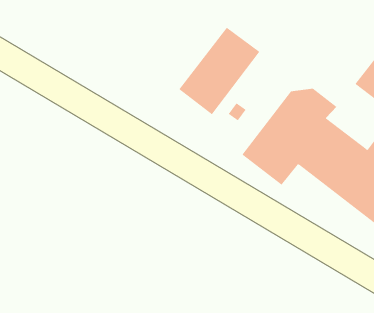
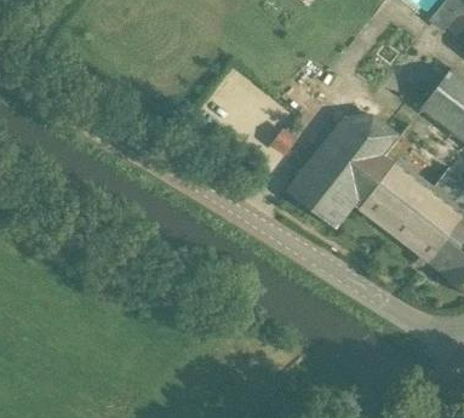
building: [178,27,260,115] -> none

